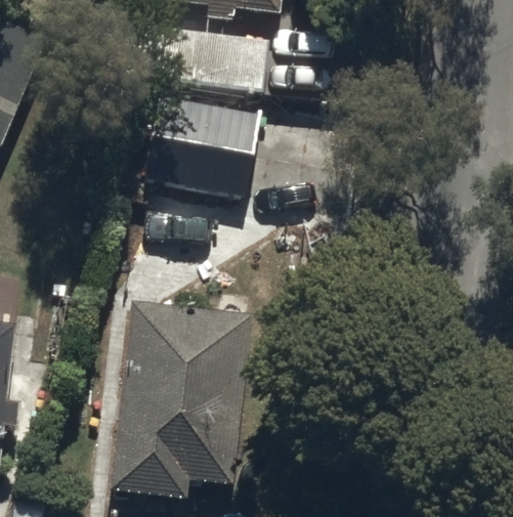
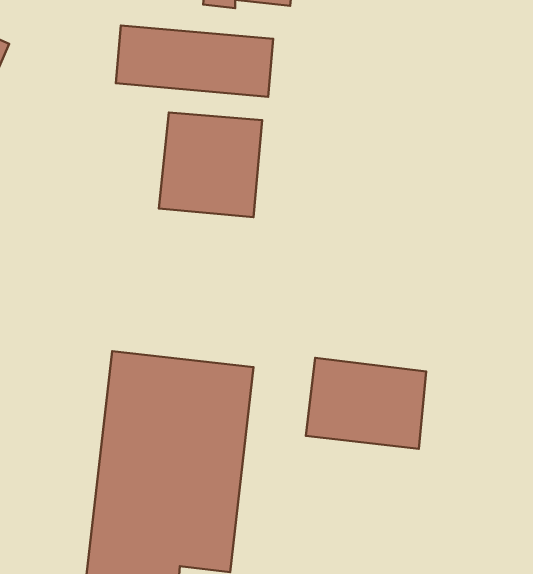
building: none -> [306,358,426,449]

